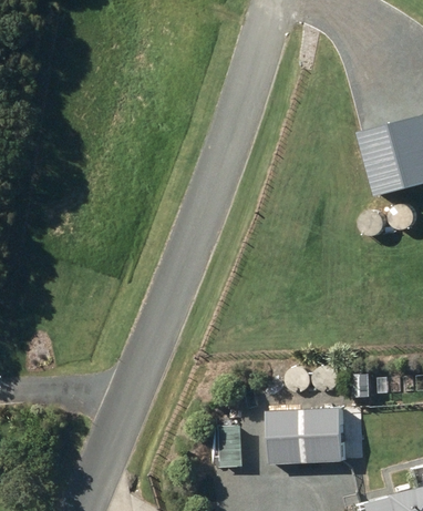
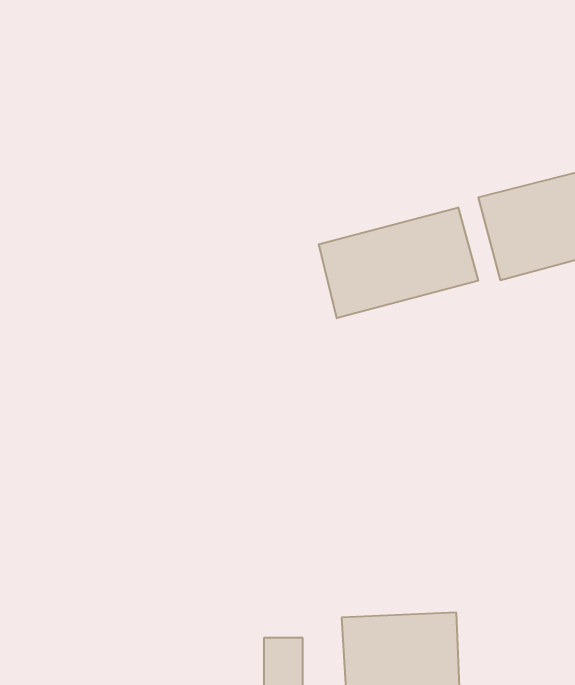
building: none -> [319,207,478,318]

